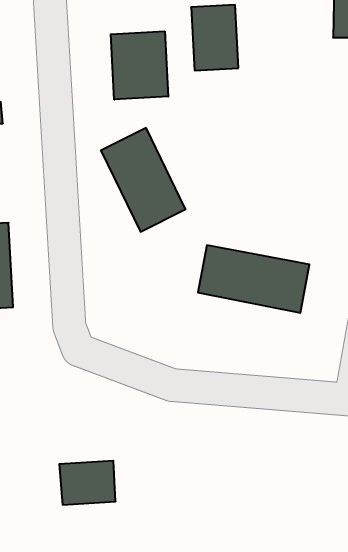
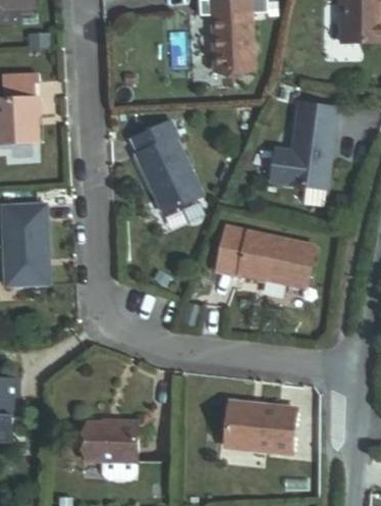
building: [111,31,168,100] -> none
building: none -> [268,102,335,183]
building: none -> [230,399,301,447]

